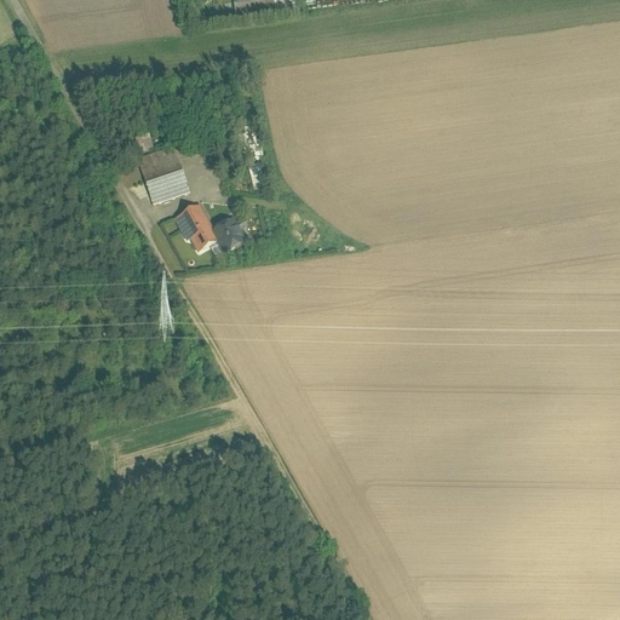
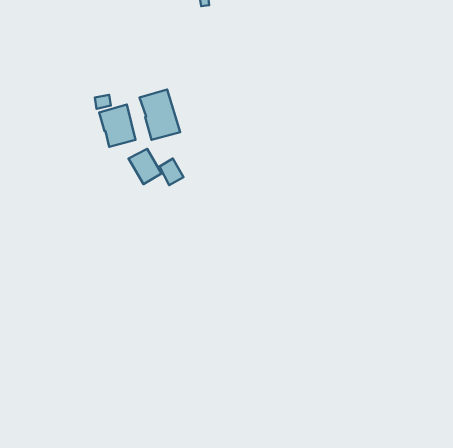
building: none -> [140,89,180,140]

